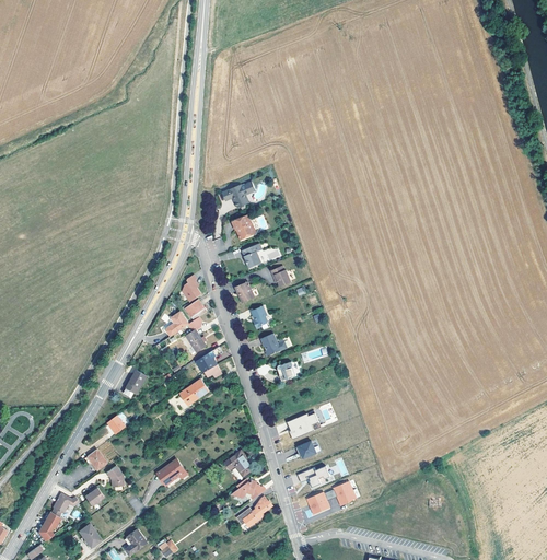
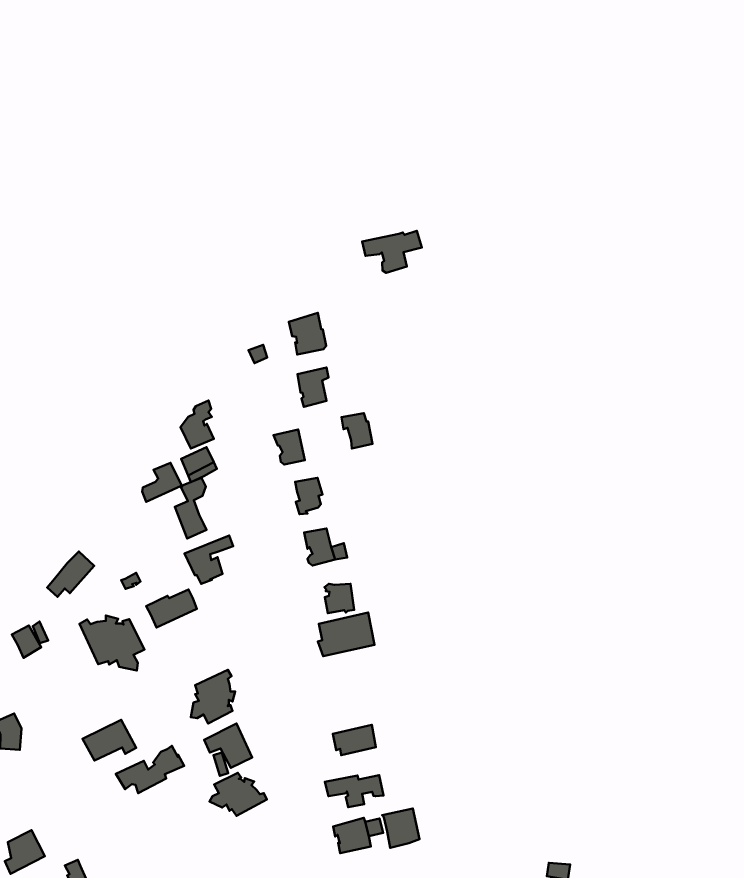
building: [221,182,255,208] -> [362,231,422,273]
building: none -> [80,615,144,670]
building: [287,410,319,439] -> [318,612,374,656]
building: none -> [191,670,235,724]
building: [235,497,272,526] -> [116,746,184,793]

